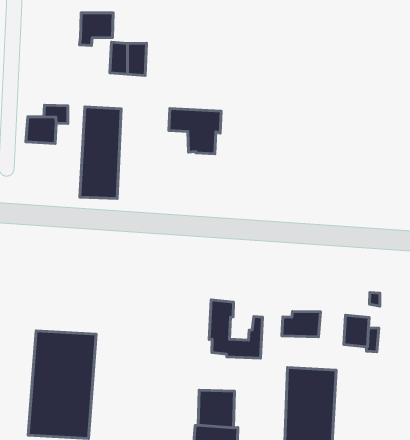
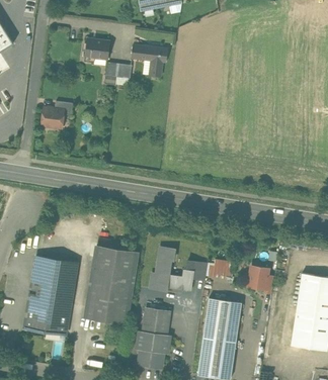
building: [80,107,121,198] -> none
building: [169,108,221,154] -> [132,43,169,78]
building: none -> [85,247,138,323]

